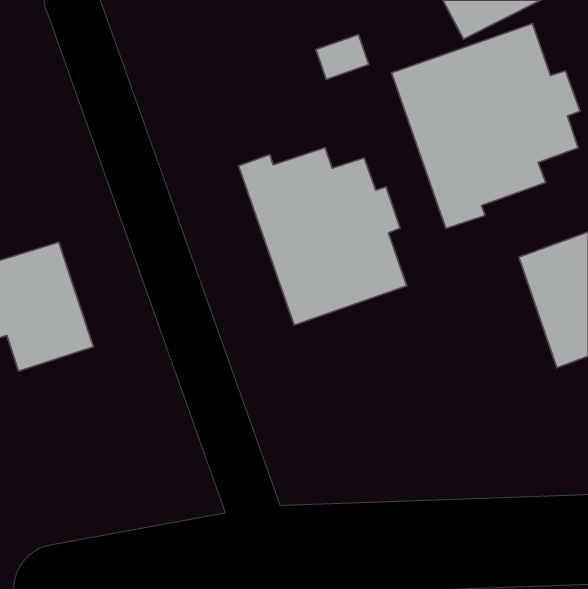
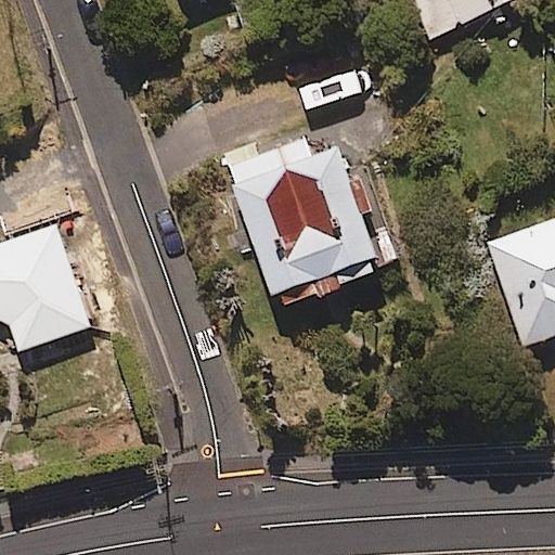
building: [392,24,580,229] -> none

